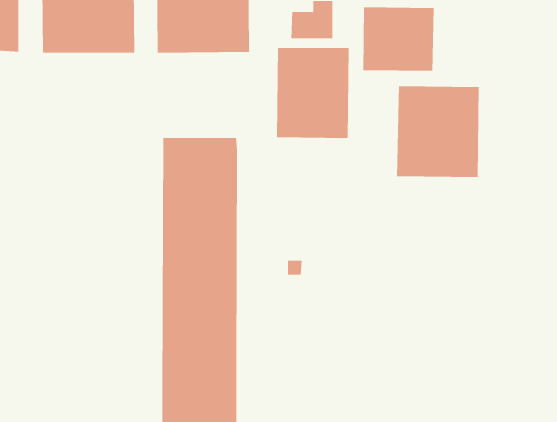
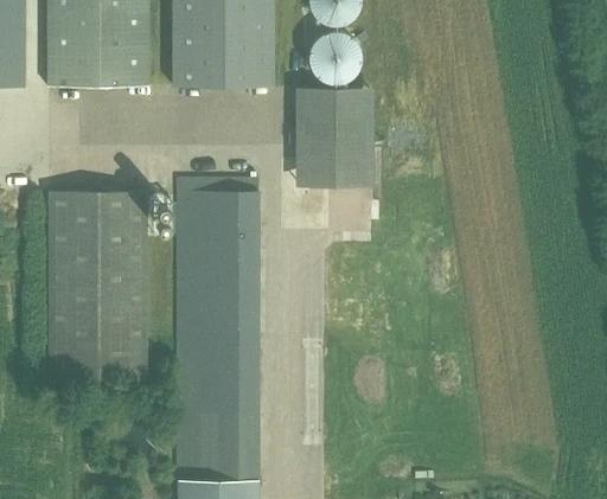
building: [363,7,434,72] -> none
building: [397,86,479,178] -> none
building: none -> [50,192,145,380]

